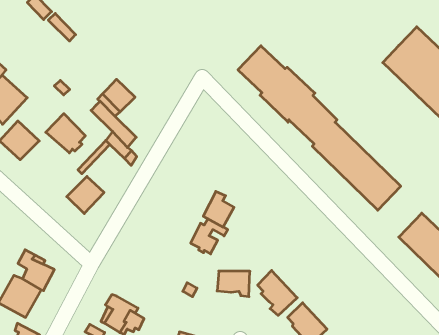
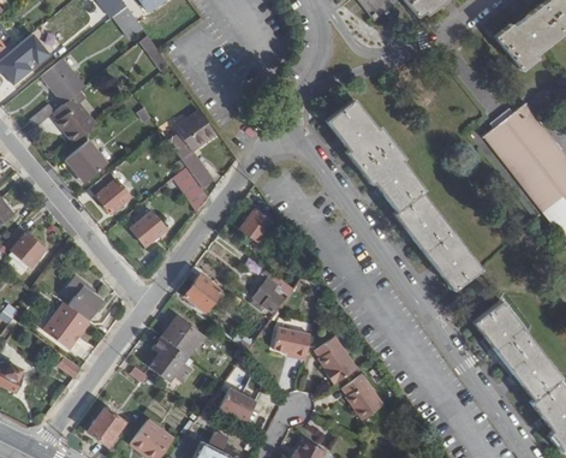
building: [46,114,85,153] -> [89,171,130,213]
building: [203,191,234,227] -> [237,206,270,244]
building: none -> [183,273,220,313]
building: none -> [162,317,203,355]

